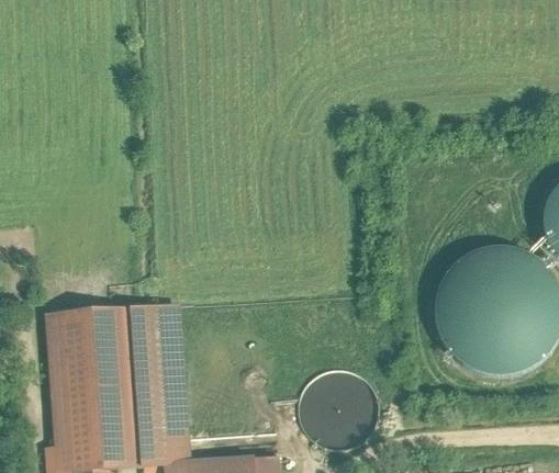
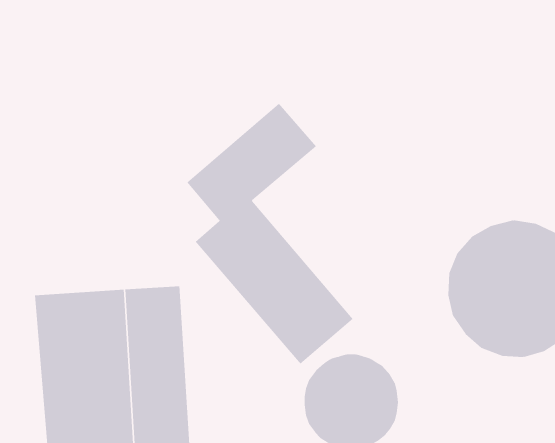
building: none -> [186,103,354,365]

